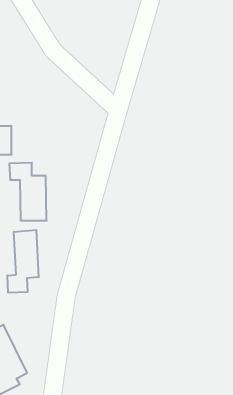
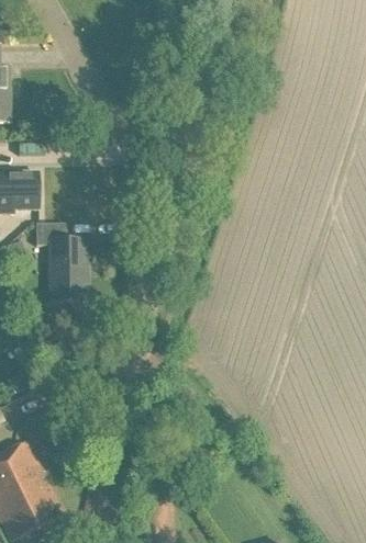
building: [8,230,39,293] -> none

